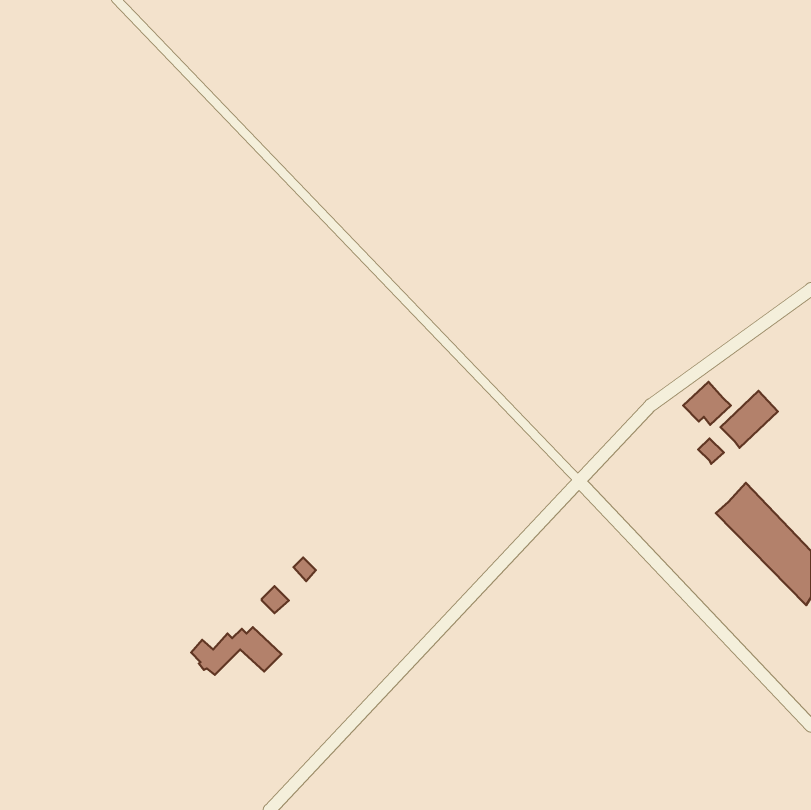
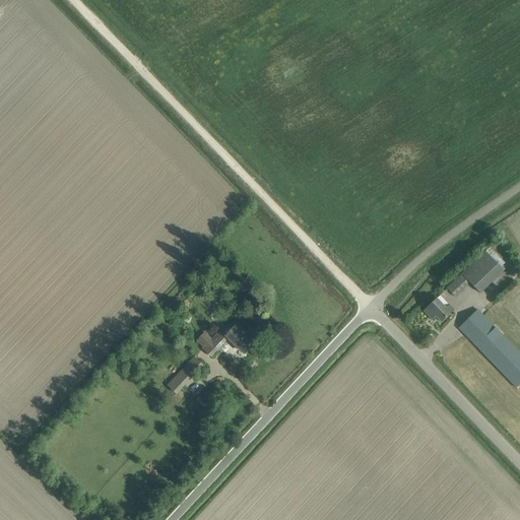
building: [683,382,731,425] -> [424,295,454,322]
building: [191,627,281,675] -> [197,324,255,354]

